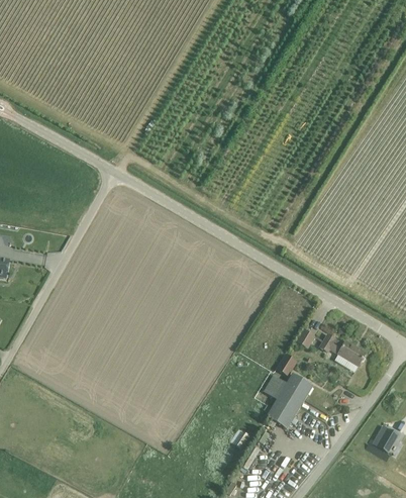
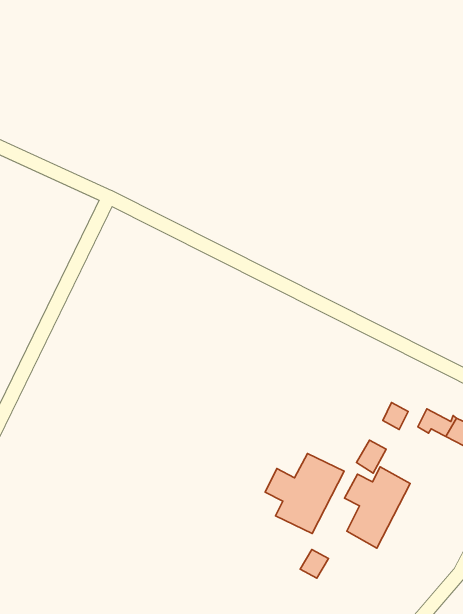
building: none -> [265,454,344,533]

